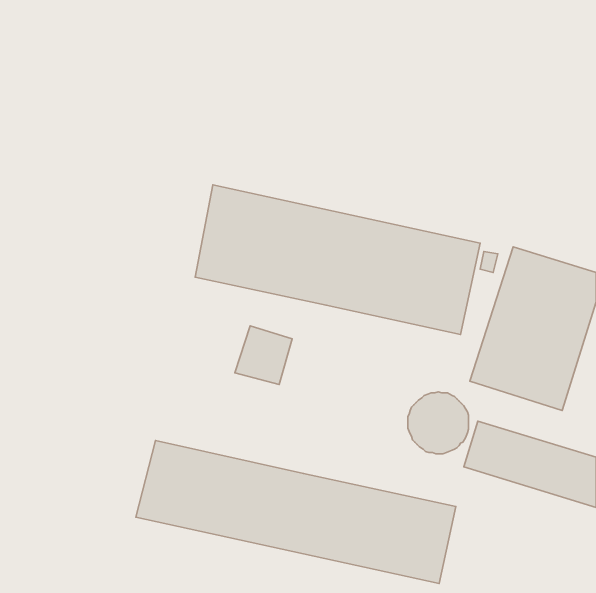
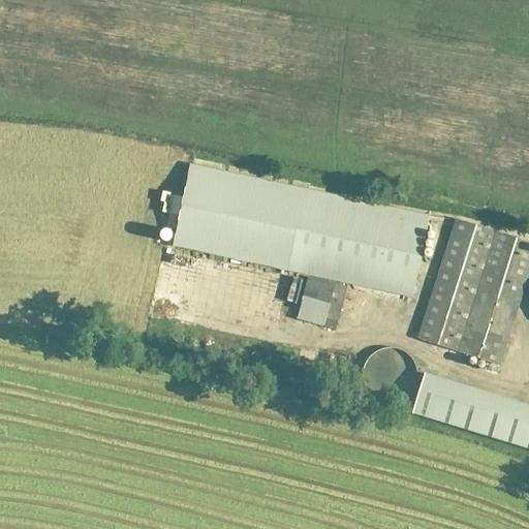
building: [235,326,292,384] -> [293,276,344,328]
building: [136,441,456,583] -> none

